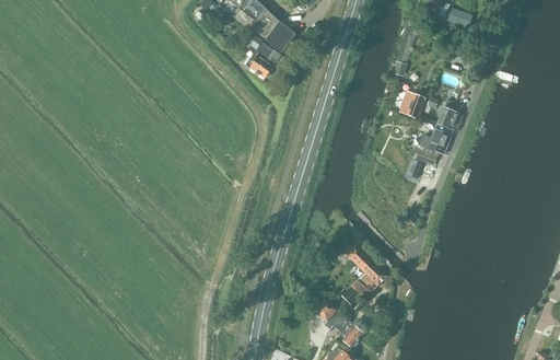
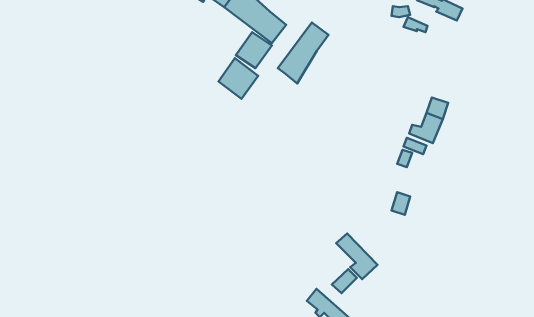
building: none -> [278,23,328,83]
building: none -> [218,58,258,99]
building: [397,90,424,118] -> none

